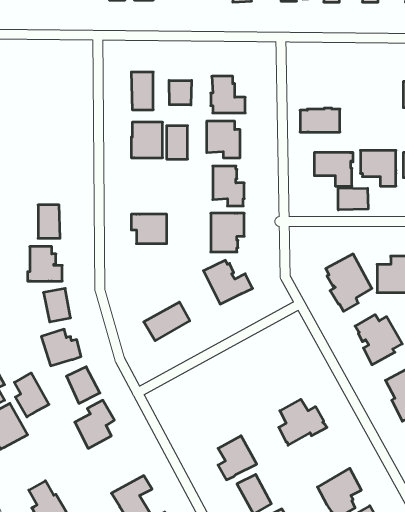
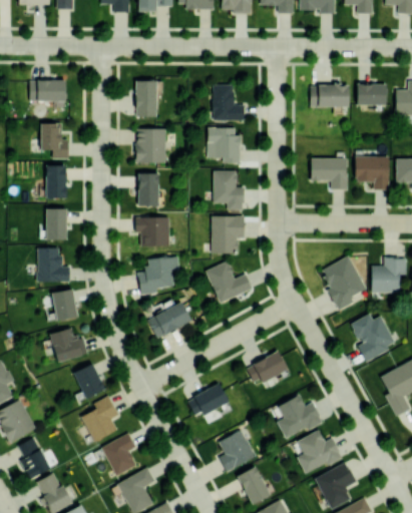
building: none -> [29,80,65,101]
building: none -> [357,84,386,106]
building: [169,80,192,105] -> none
building: [300,108,340,132] -> [311,84,349,107]
building: none -> [40,123,68,159]
building: [167,126,188,159] -> [138,173,158,205]
building: none -> [46,165,66,198]
building: [338,188,368,210] -> none
building: none -> [137,256,179,295]
building: none -> [247,351,288,384]
building: [14,373,49,417] -> [18,438,51,480]
building: none -> [187,384,229,416]
building: none -> [296,430,342,474]
building: none -> [101,434,136,476]

